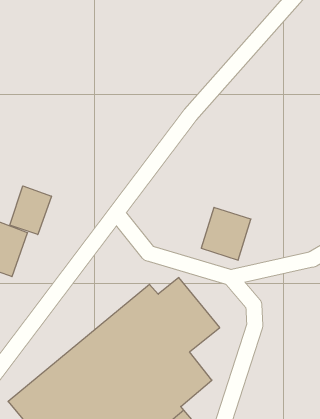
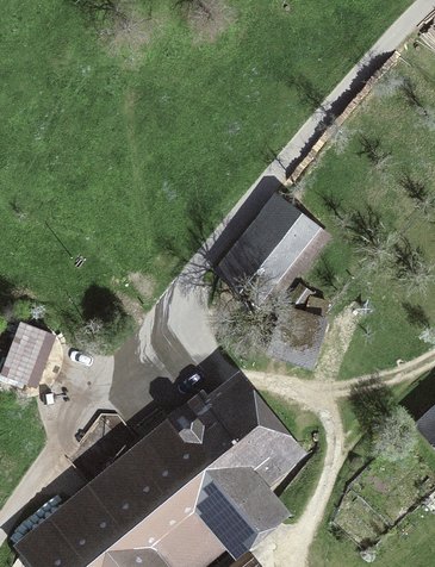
building: none -> [212,192,328,313]
building: [10,186,51,235] -> none

